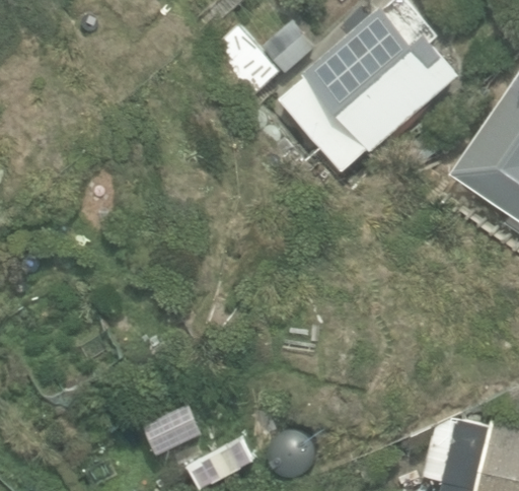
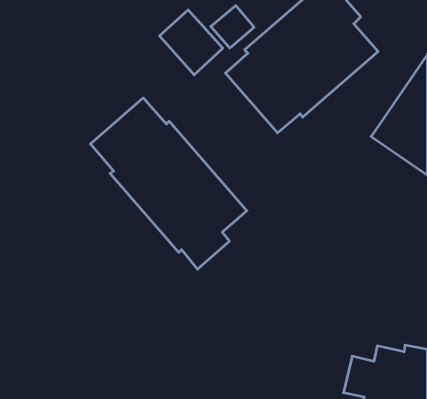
building: none -> [90,98,247,269]

